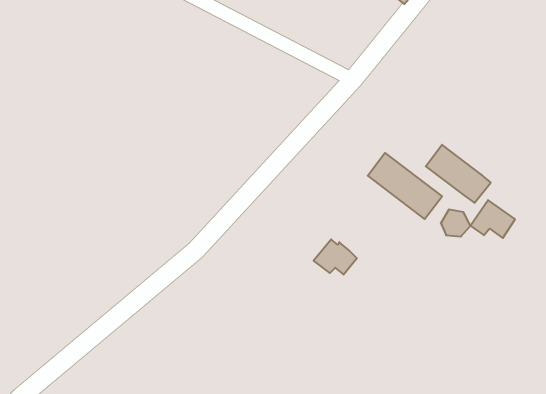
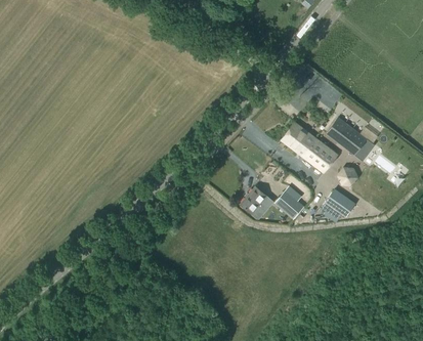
building: [470,200,515,238] -> [321,189,354,218]
building: none -> [273,185,304,219]

